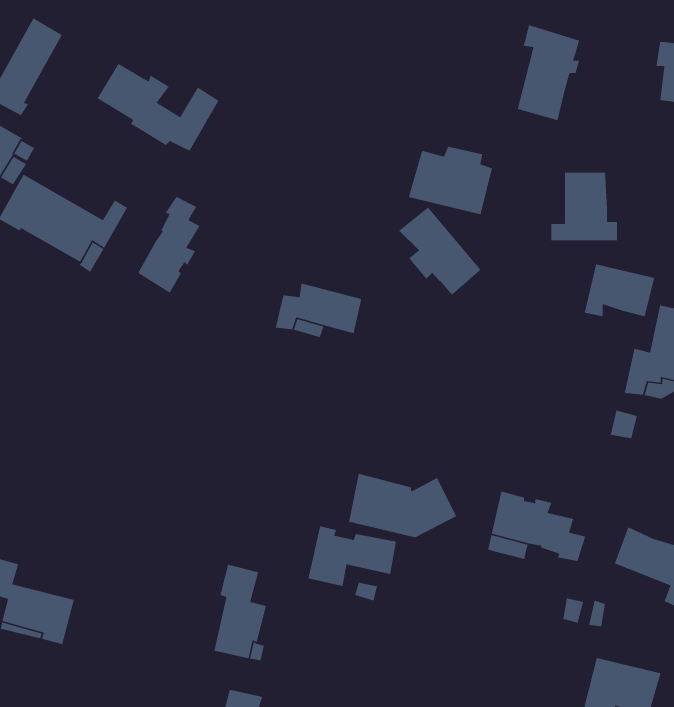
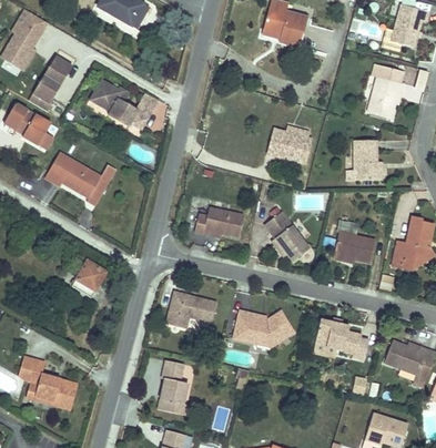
building: [517,24,580,121] -> [367,64,403,119]
building: [137,196,200,294] -> none
building: [398,207,482,296] -> [264,211,311,261]
building: [584,264,655,317] -> [334,232,374,262]
building: none -> [73,259,108,295]
building: [307,525,397,587] -> [166,292,216,326]

